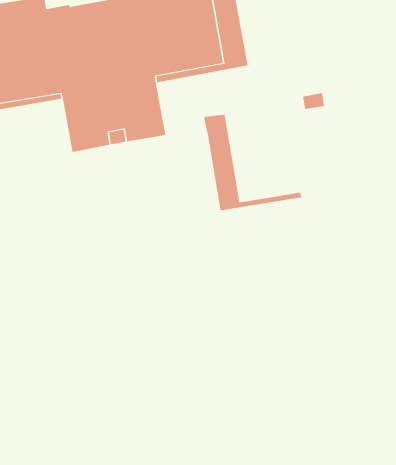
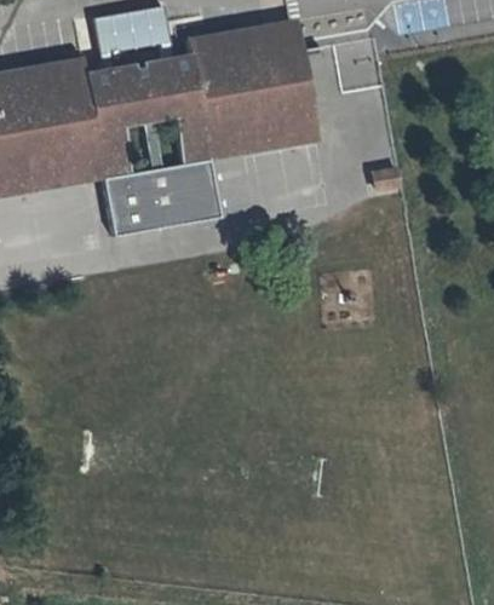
building: [204,114,302,211] -> none

